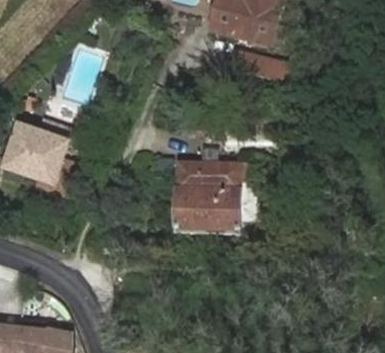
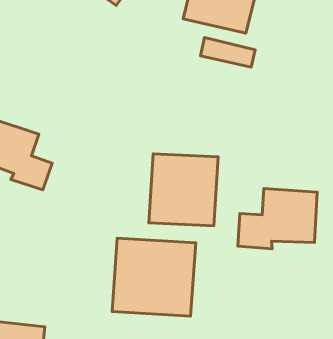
building: none -> [238,188,317,249]
building: none -> [112,238,196,316]

